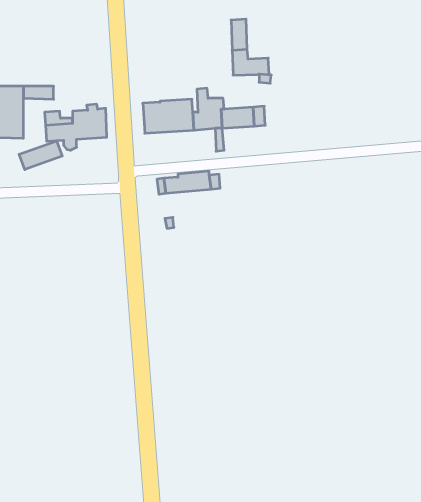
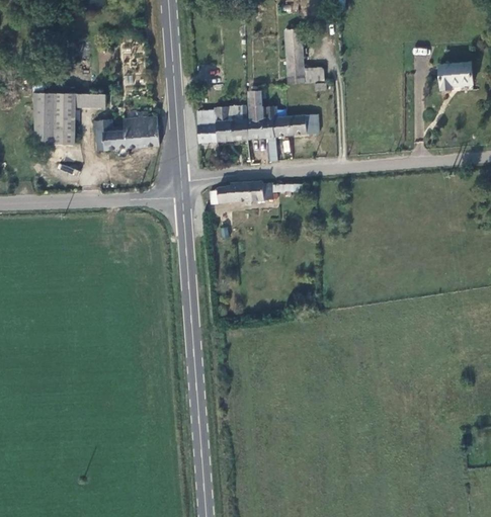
building: none -> [437,64,471,92]
building: [19,141,62,170] -> none

